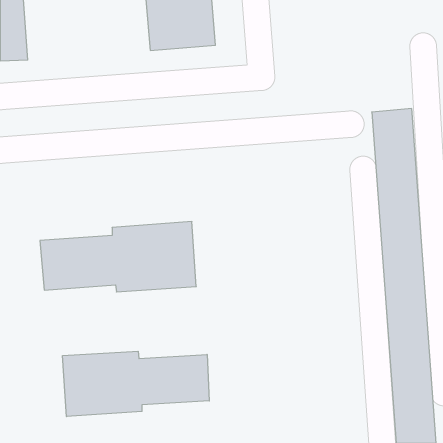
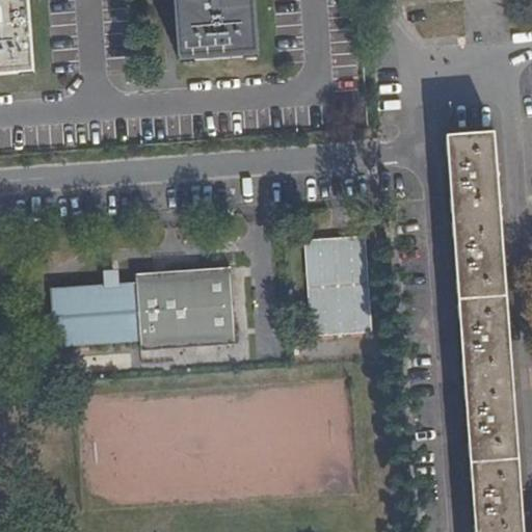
building: none -> [303,234,372,336]
building: [63,351,209,417] -> none

